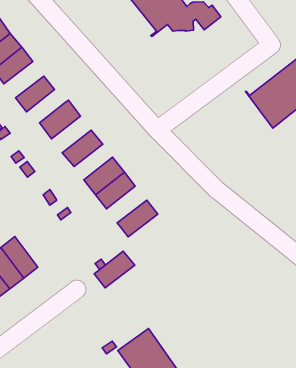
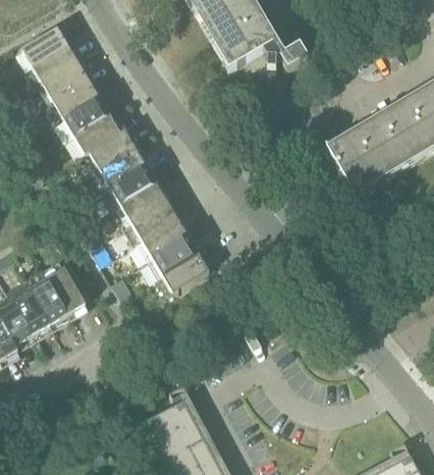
building: none -> [55,83,101,121]
building: none -> [76,117,121,155]
building: none -> [101,151,147,190]
building: none -> [122,186,167,223]
building: none -> [46,267,85,315]
building: [94,251,135,288] -> [153,238,200,276]

